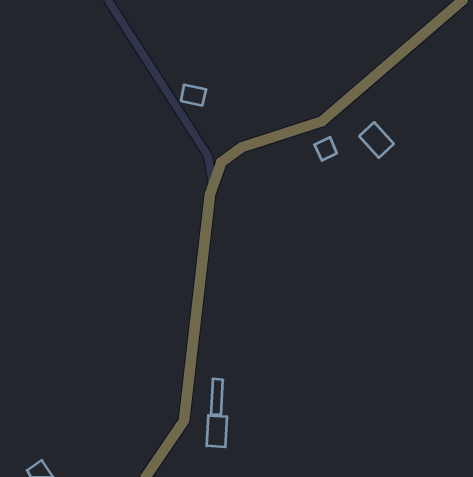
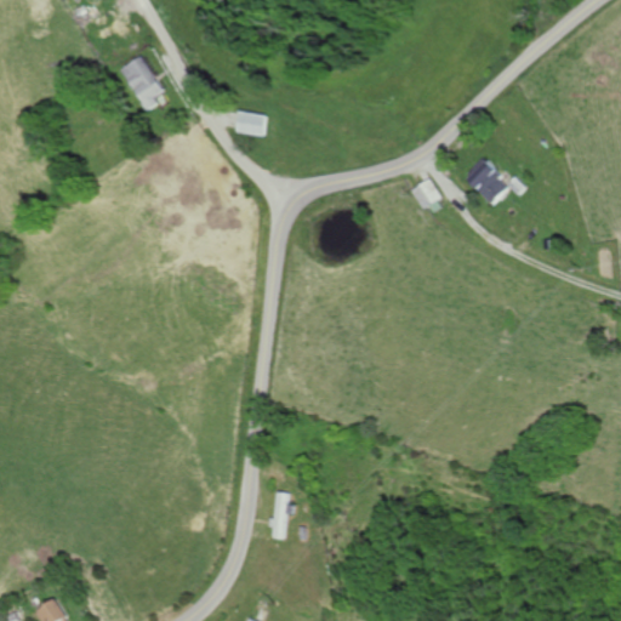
building: none -> [116,55,163,112]
building: [207,415,227,447] -> none

